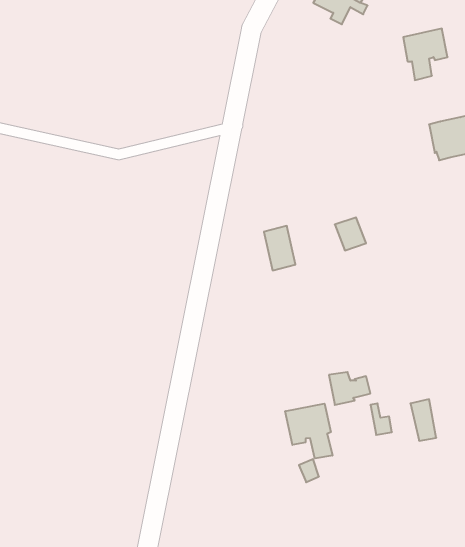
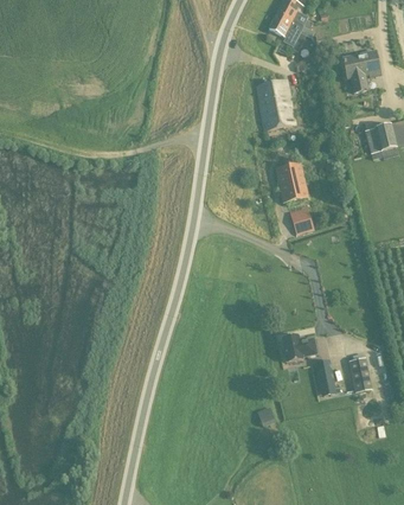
building: none -> [258,78,296,129]
building: [264,226,295,270] -> [280,165,306,202]
building: [285,404,332,458] -> none

